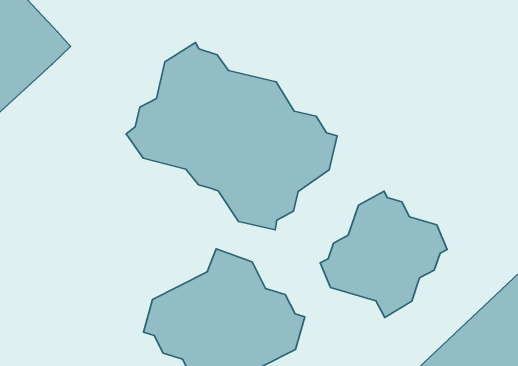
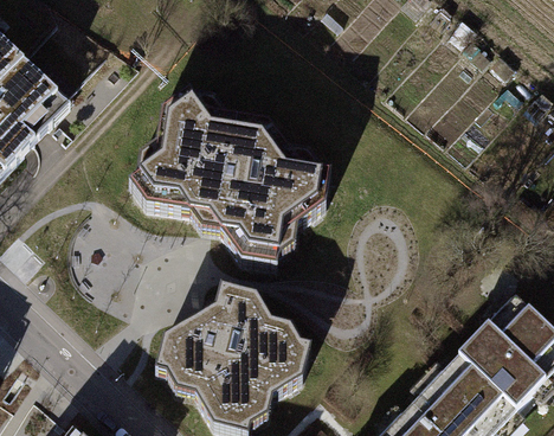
building: [320,191,447,318] -> none

